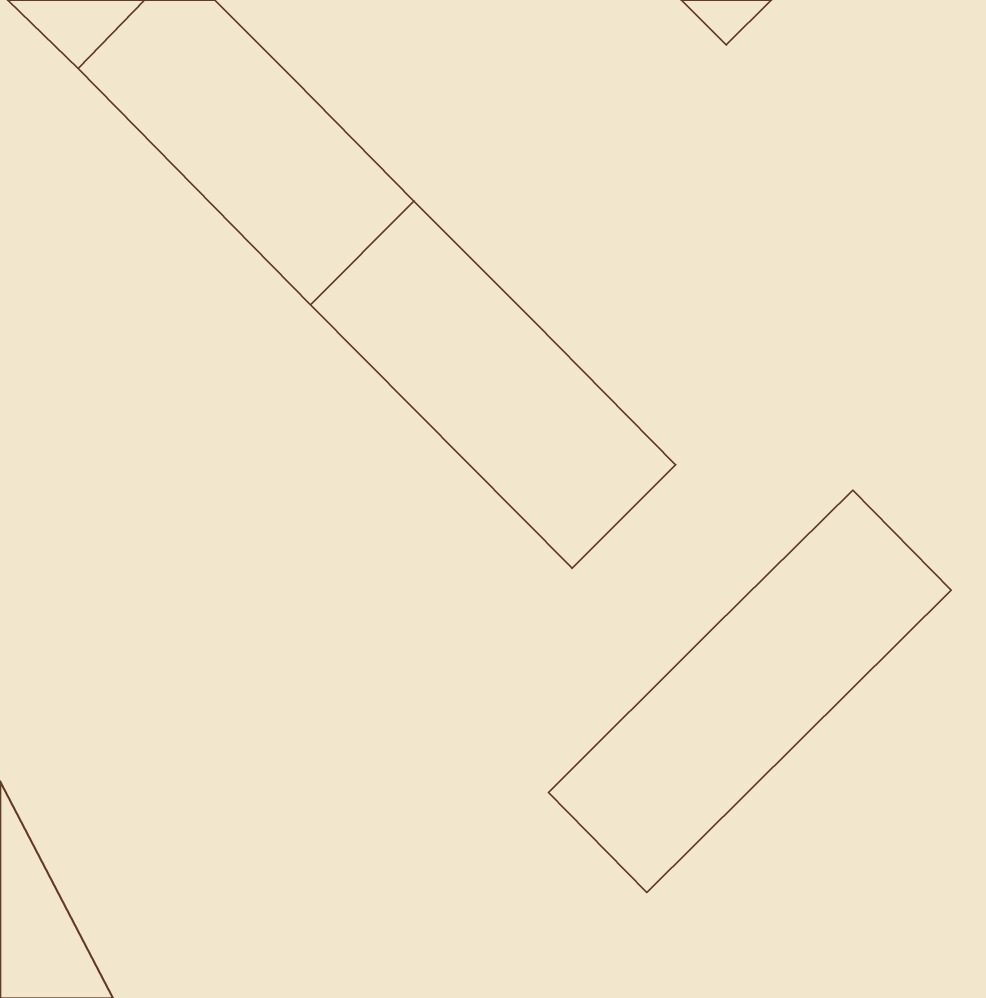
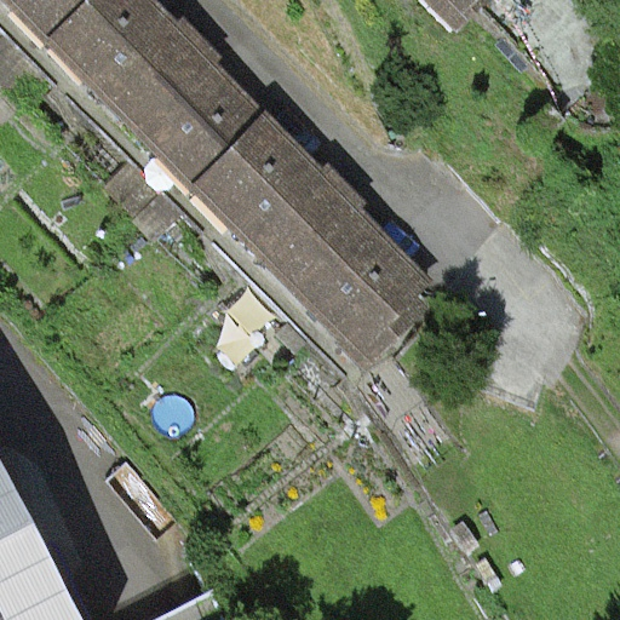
building: [549,490,951,892] -> none

